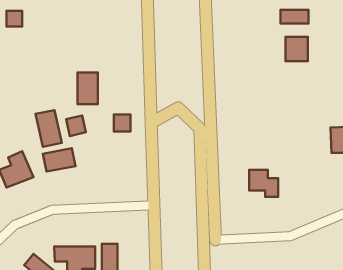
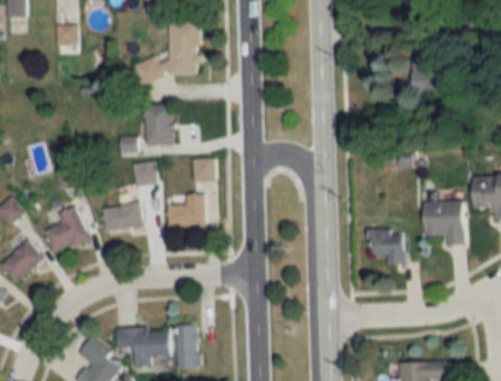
building: none -> [136,22,201,76]
building: [280,10,309,24] -> none
building: [35,110,62,147] -> none
building: none -> [170,194,206,227]
building: none -> [425,201,465,245]

